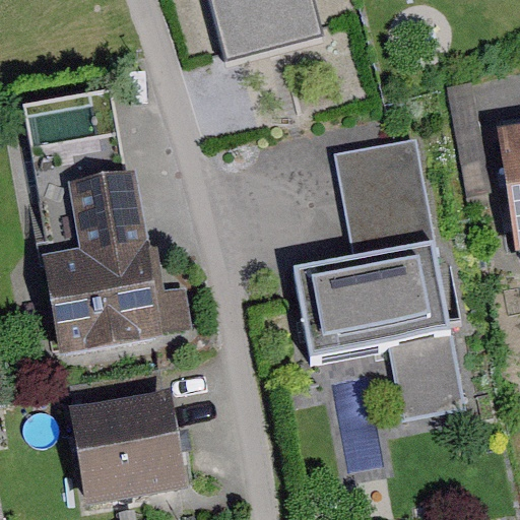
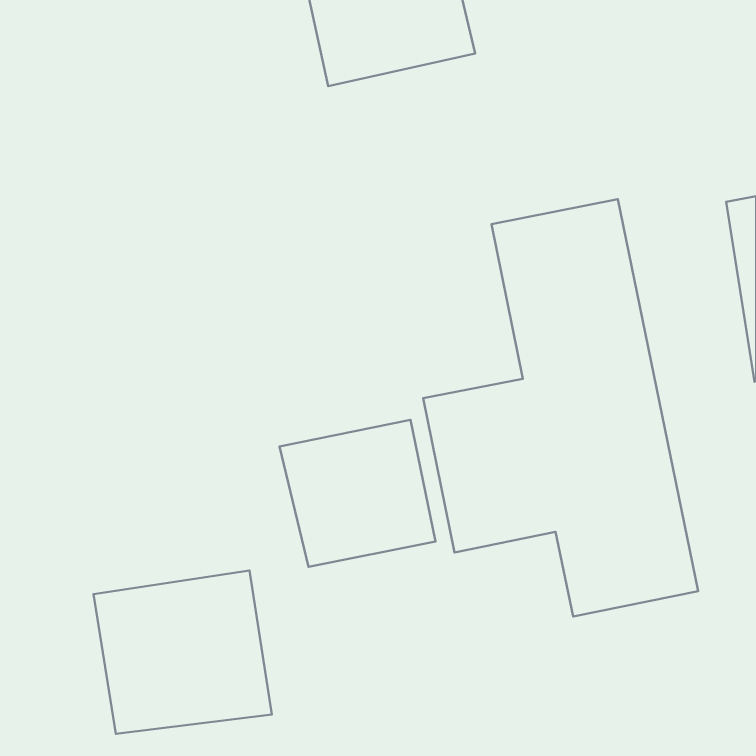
building: [44,162,176,348] -> none
building: none -> [280,420,435,567]

